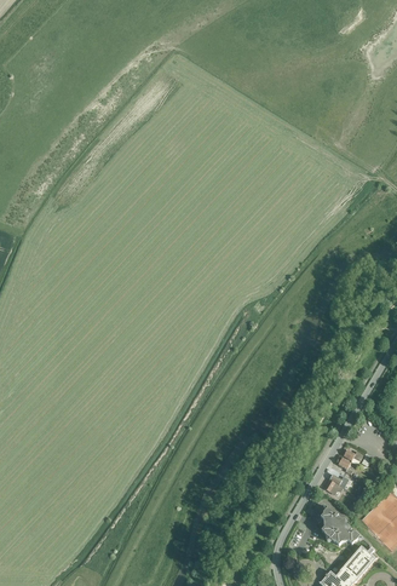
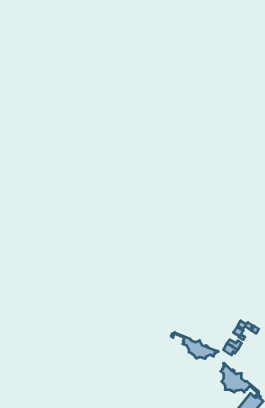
building: none -> [171,332,218,359]

